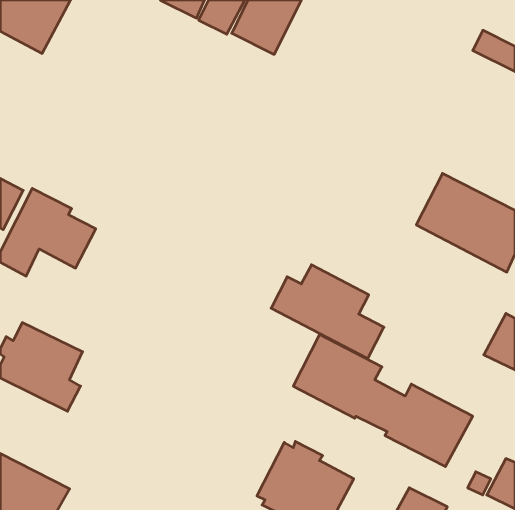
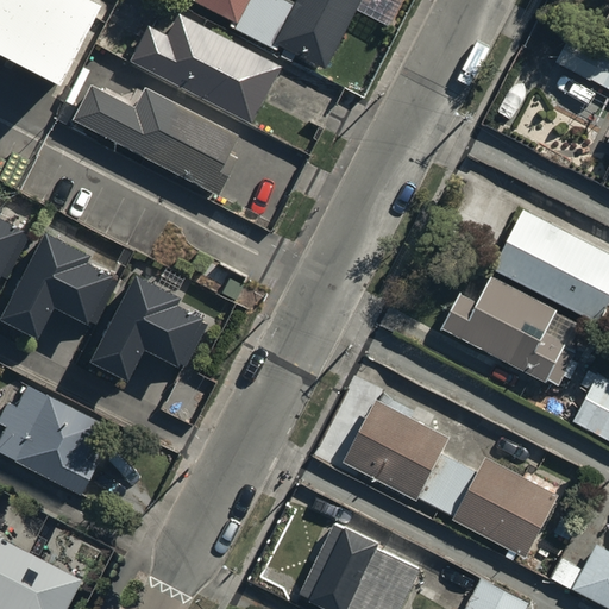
building: none -> [127,14,280,125]
building: none -> [68,81,236,195]
building: none -> [89,272,207,376]
building: [271,265,384,358] -> [442,277,576,388]

